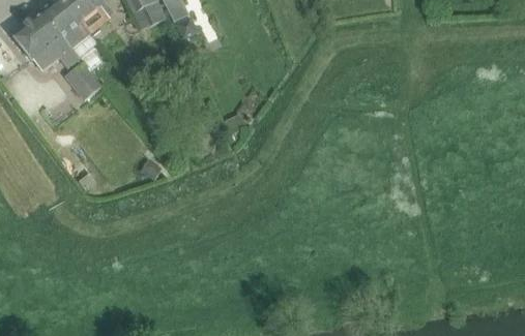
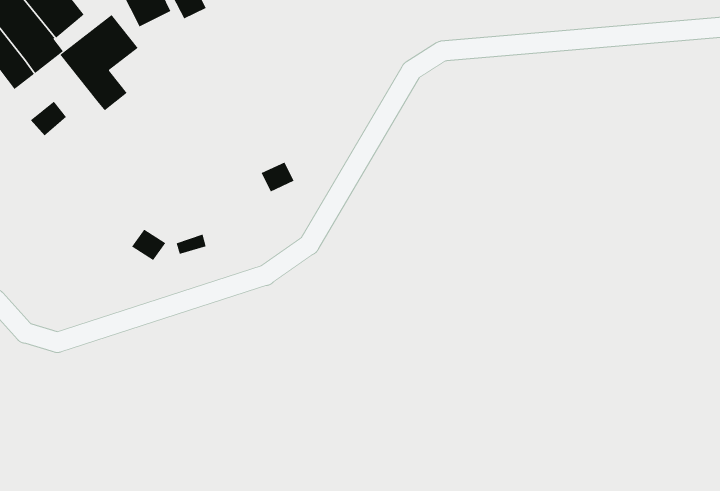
building: none -> [60,14,139,111]

